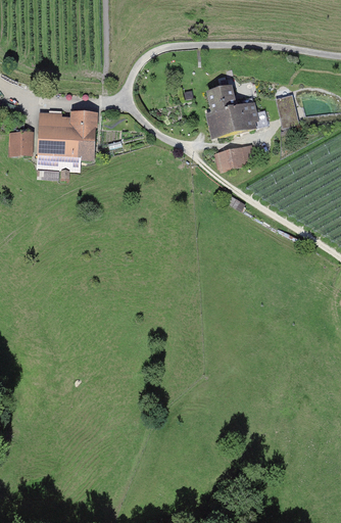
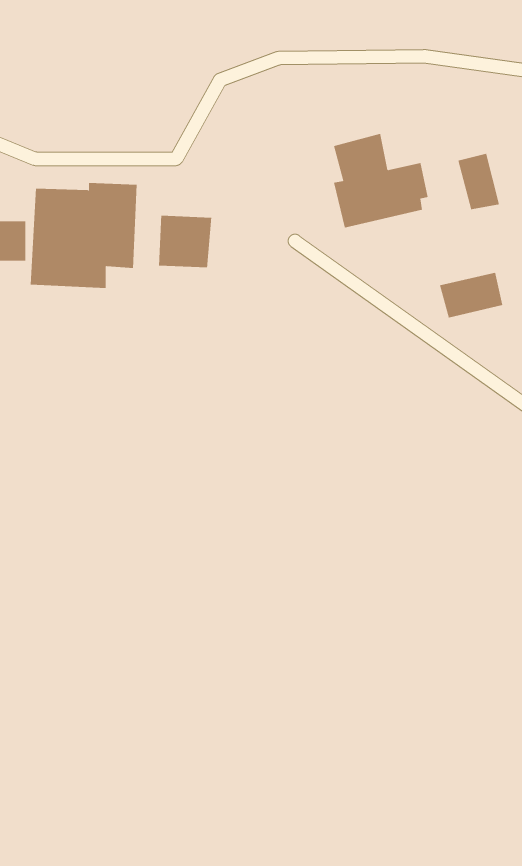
building: none -> [159,215,212,268]
building: [214,145,250,171] -> [439,272,503,318]

